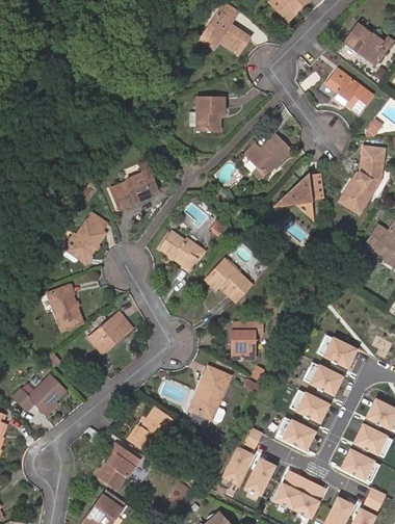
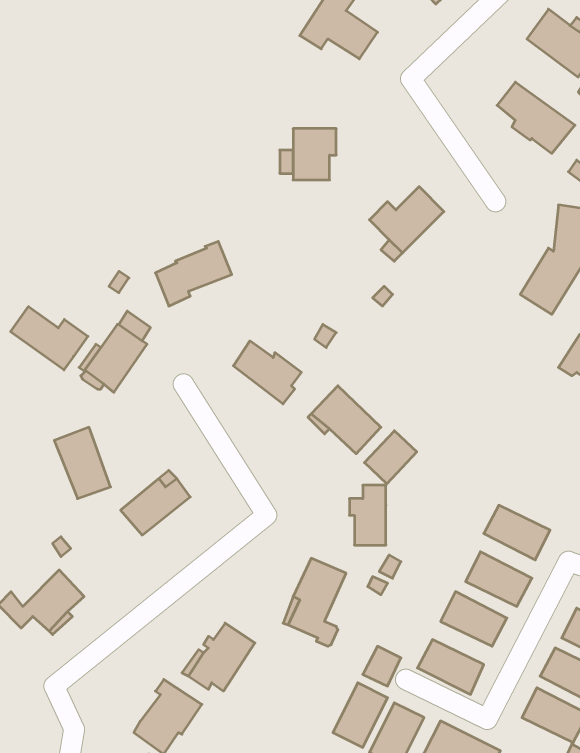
building: [275,173,323,220] -> none
building: none -> [11,307,88,370]
building: none -> [364,431,417,484]

